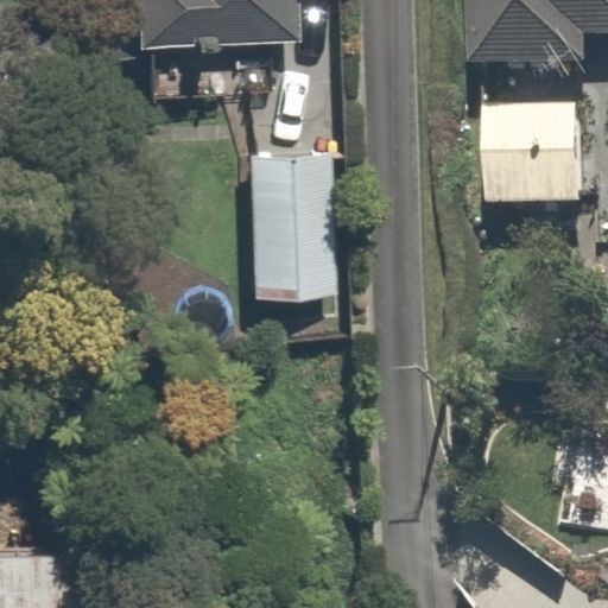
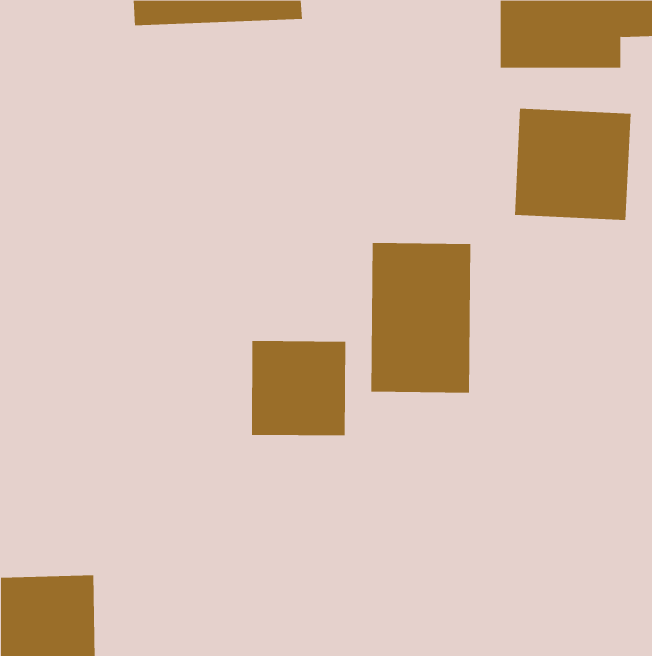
building: [242,137,335,276] -> [371,242,471,393]
building: none -> [251,340,346,436]

